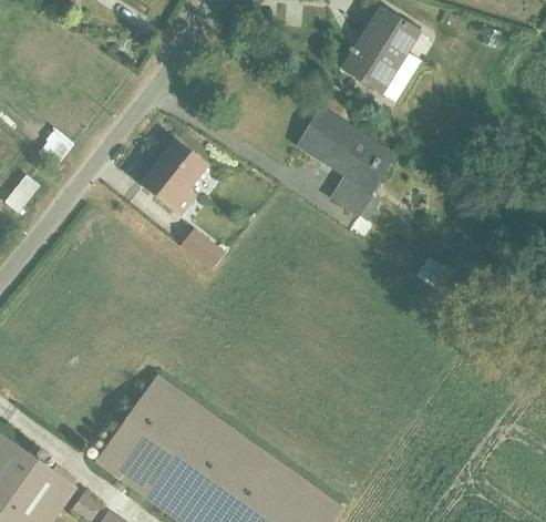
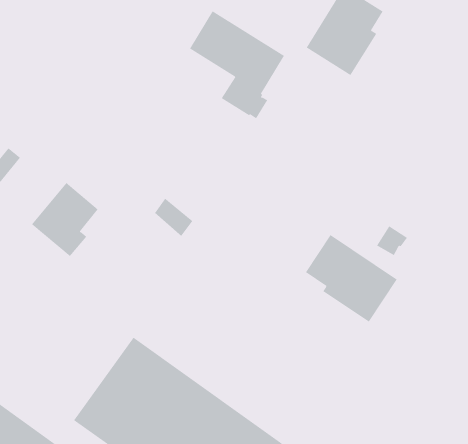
building: [295,105,395,219] -> [189,11,285,119]
building: [137,137,208,216] -> [31,182,99,257]
building: none -> [305,234,397,322]

